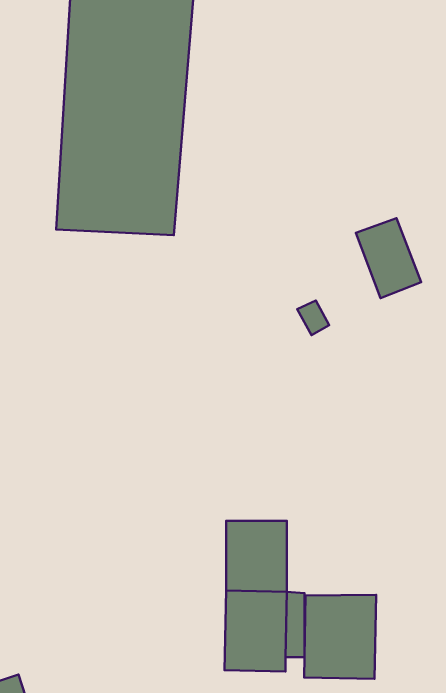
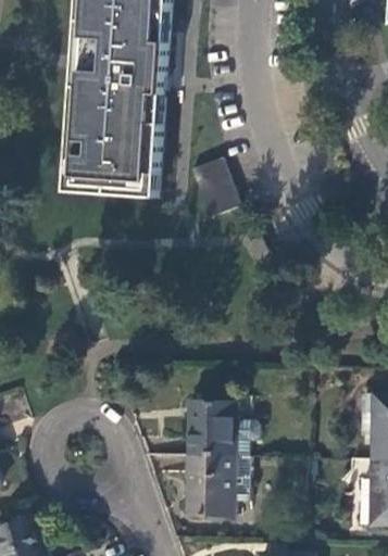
building: [356,218,421,298] -> [188,160,237,219]
building: [304,595,376,679] -> none

